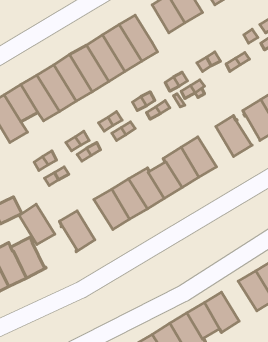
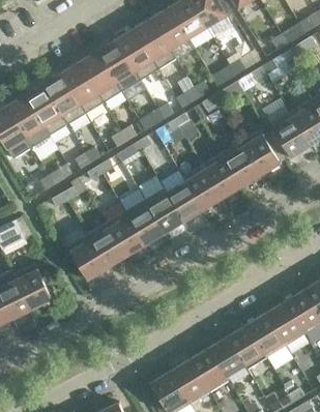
building: none -> [151,7,188,49]
building: none -> [221,142,260,186]
building: [19,204,55,244] -> [87,223,126,267]
building: none -> [246,313,286,357]

